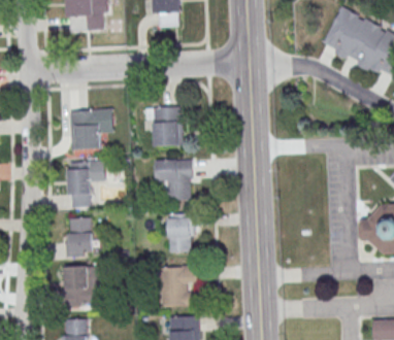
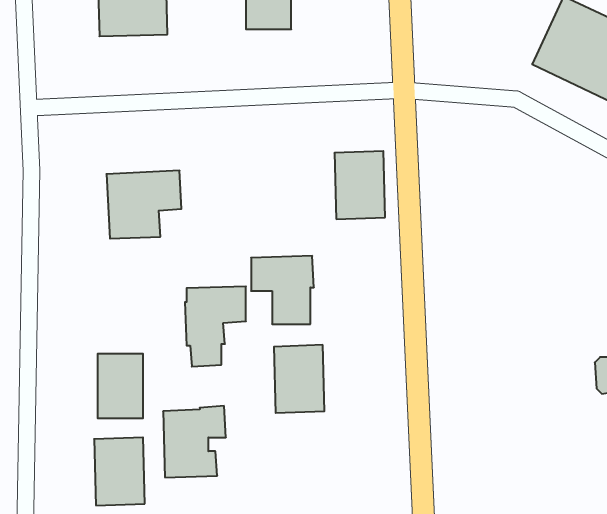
building: [153,106,183,146] -> [334,151,385,219]
building: [68,160,104,207] -> [185,286,246,367]
building: [160,265,197,307] -> [163,406,226,477]

